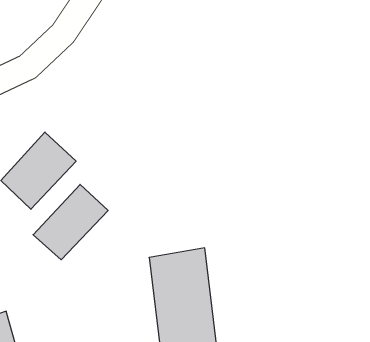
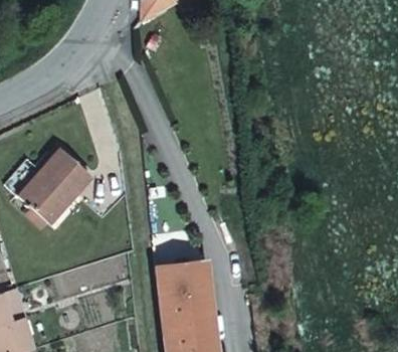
building: [33,184,108,260] -> none

